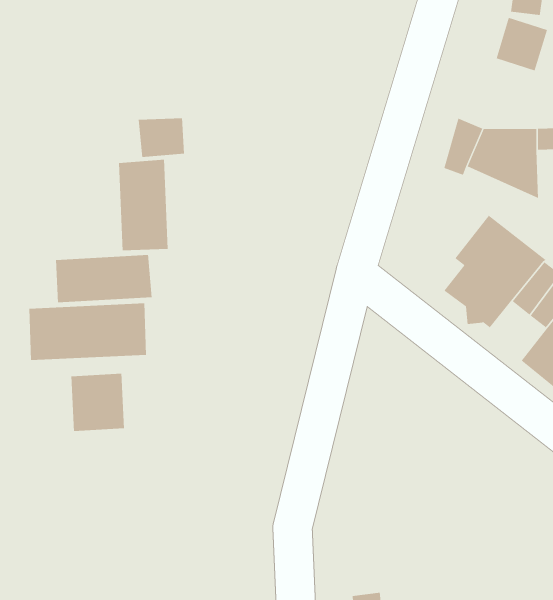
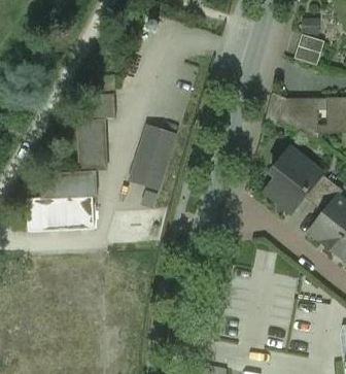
building: none -> [129,126,176,192]
building: [71,373,125,432] -> none

